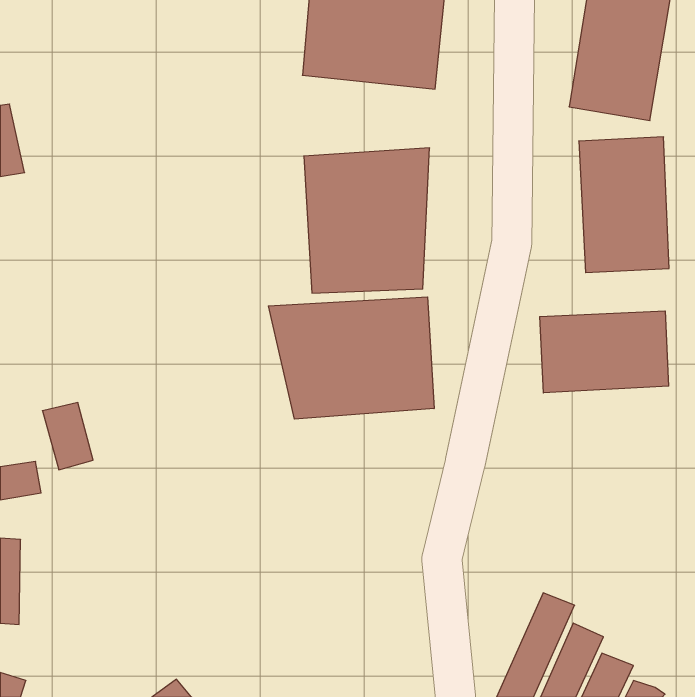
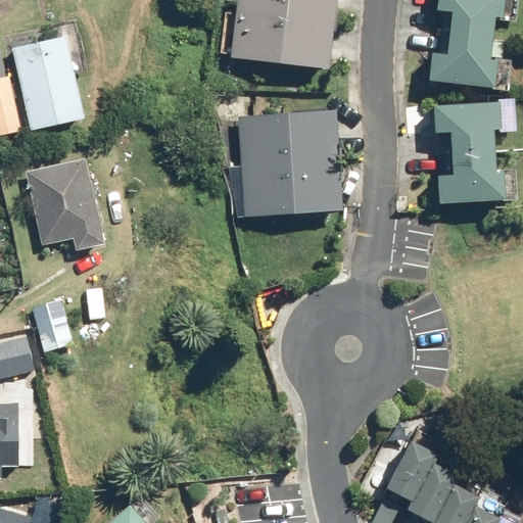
building: none -> [21,44,78,127]
building: none -> [31,161,101,247]
building: [268,297,434,419] -> none
building: [540,311,669,393] -> none

